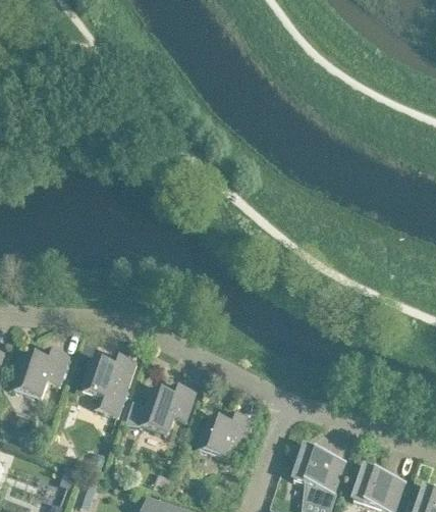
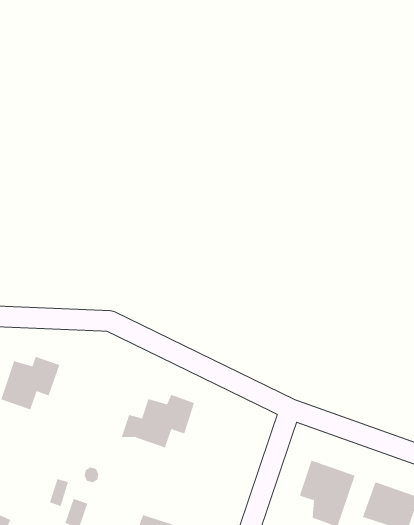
building: [80,354,135,416] -> none
building: [197,412,252,458] -> none

